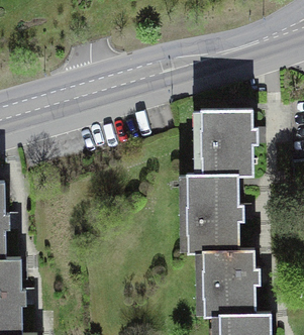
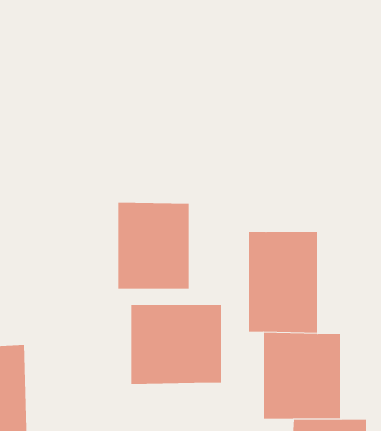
building: [202,111,256,176] -> [117,202,190,289]
building: none -> [131,304,221,385]

